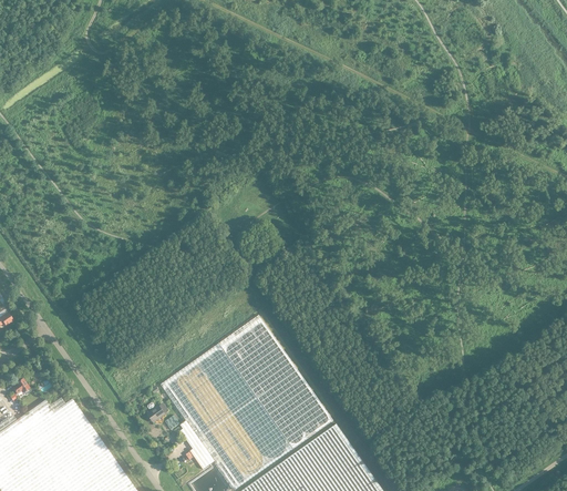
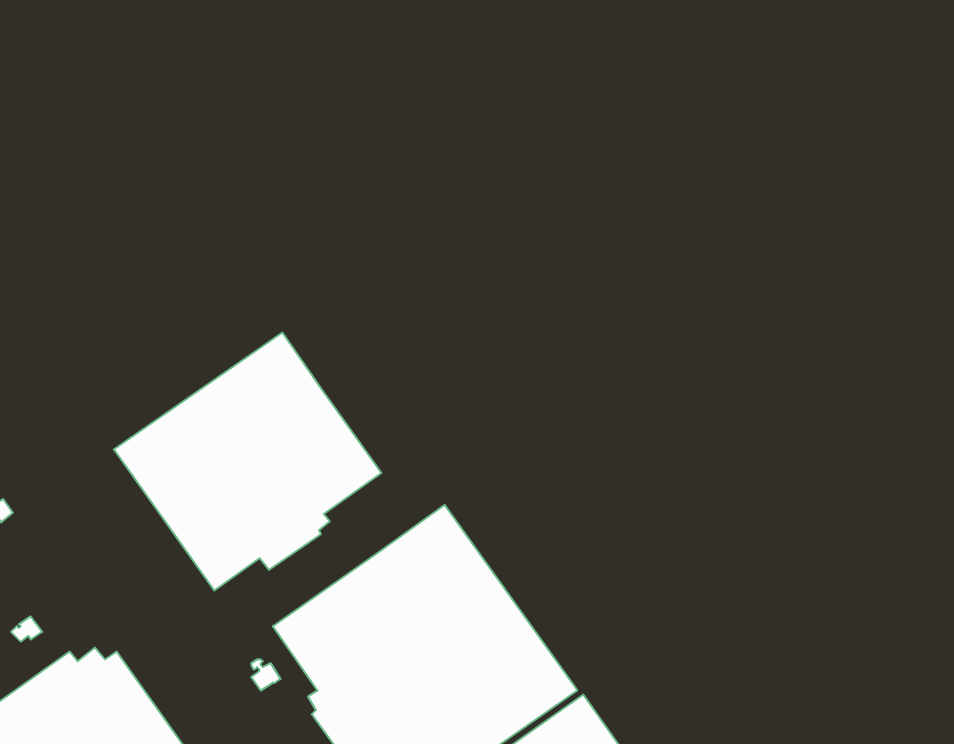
building: none -> [114,332,381,591]

